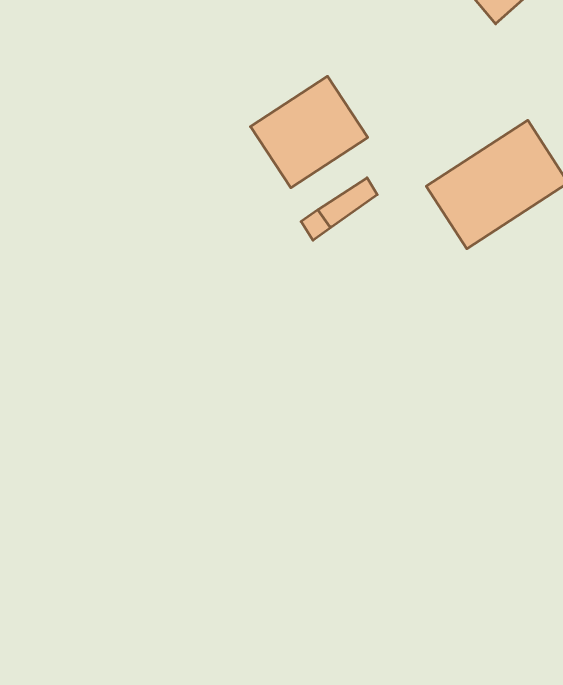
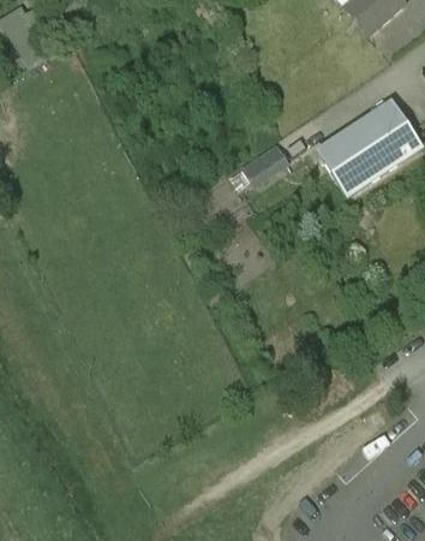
building: [250,76,368,188] -> none

